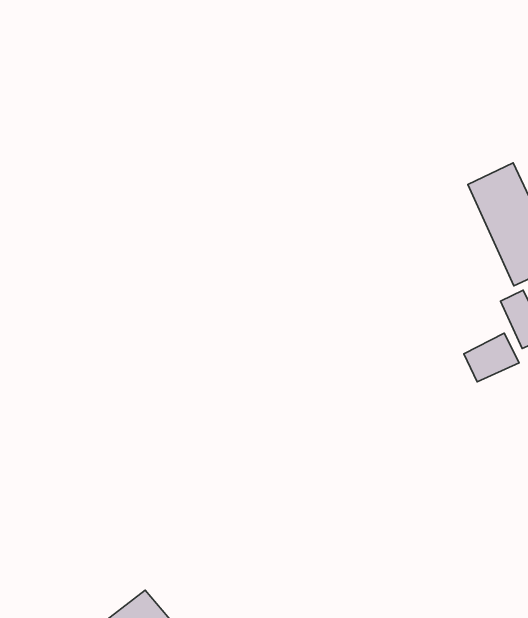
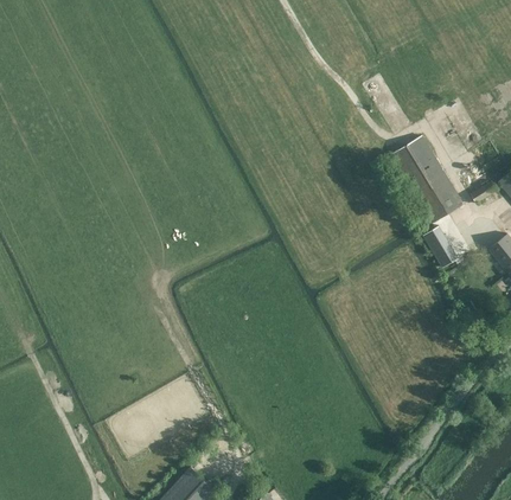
building: [464,333,519,382] -> none

